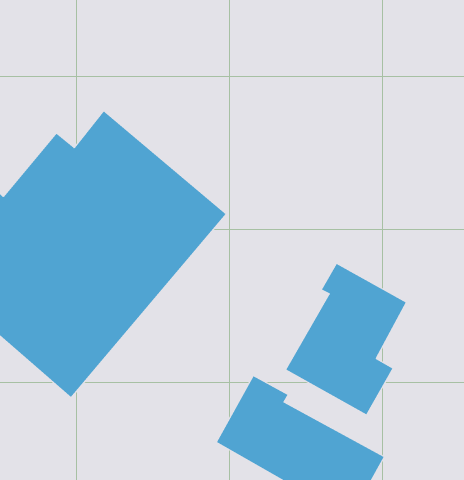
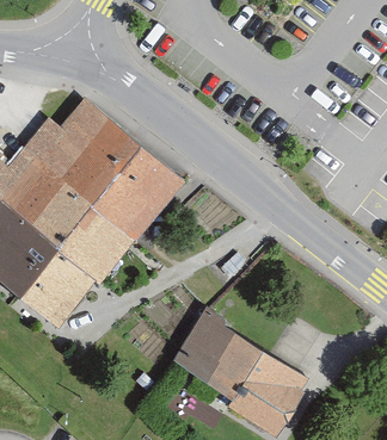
building: [285,263,407,415] -> none

